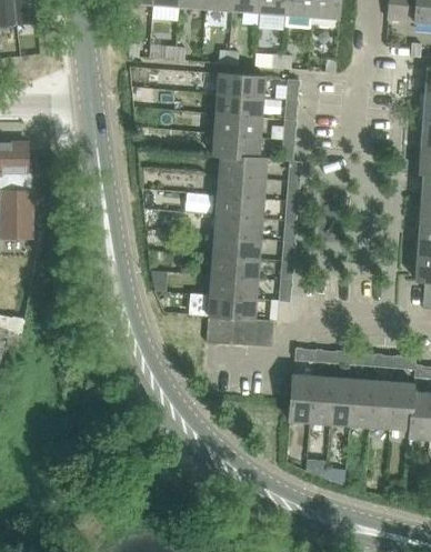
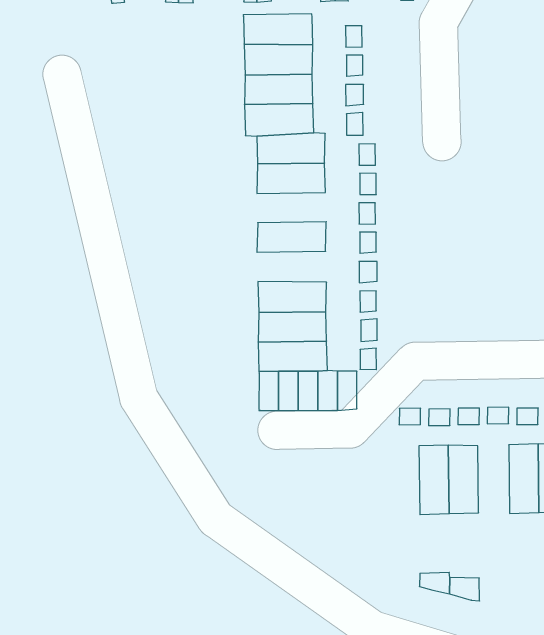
building: [216,194,263,218] -> none
building: [212,234,260,259] -> none
building: [288,373,312,422] -> none
building: [349,379,373,426] -> none

